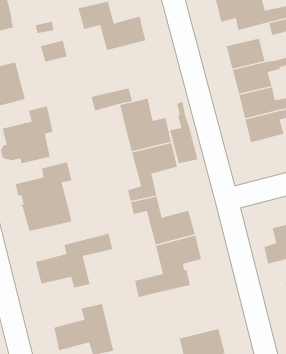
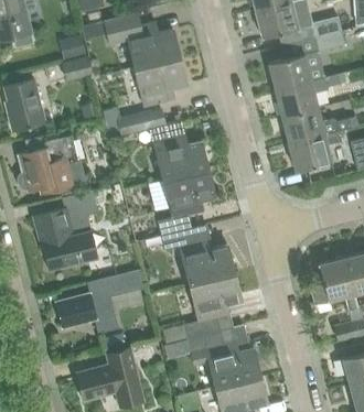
building: none -> [136,57,188,96]
building: [169,101,199,164] -> none
building: none -> [188,330,260,387]

